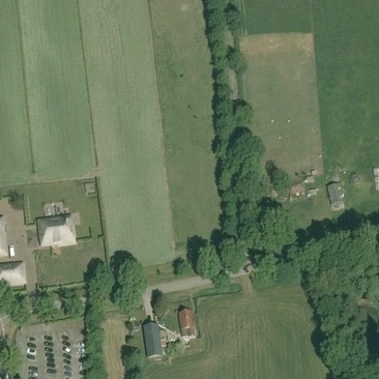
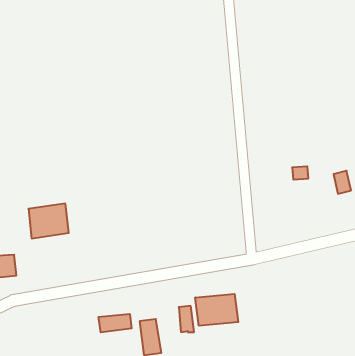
building: none -> [195,294,238,326]
building: none -> [99,314,132,332]

